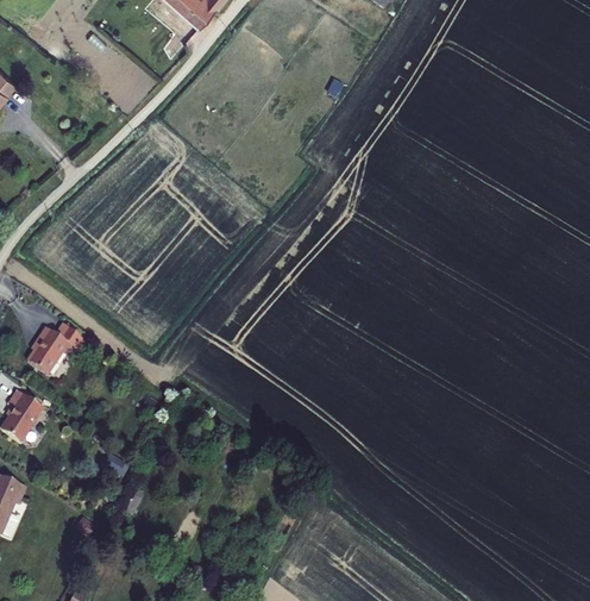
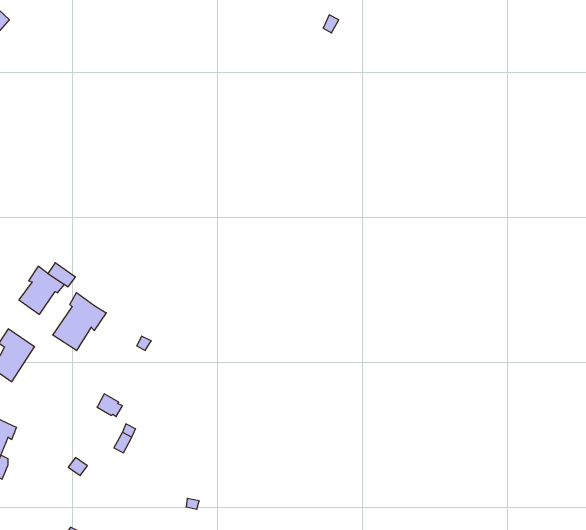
building: none -> [53,293,106,351]

